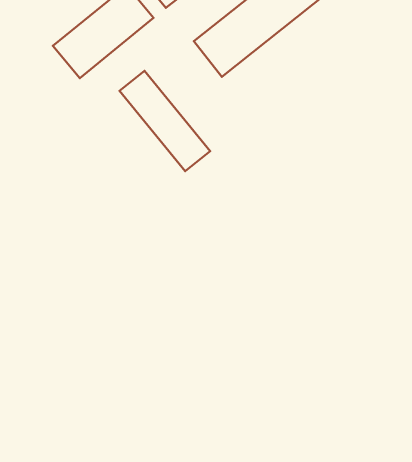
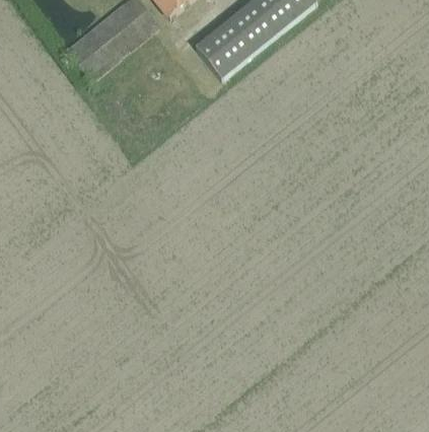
building: [120,71,210,171] -> none

